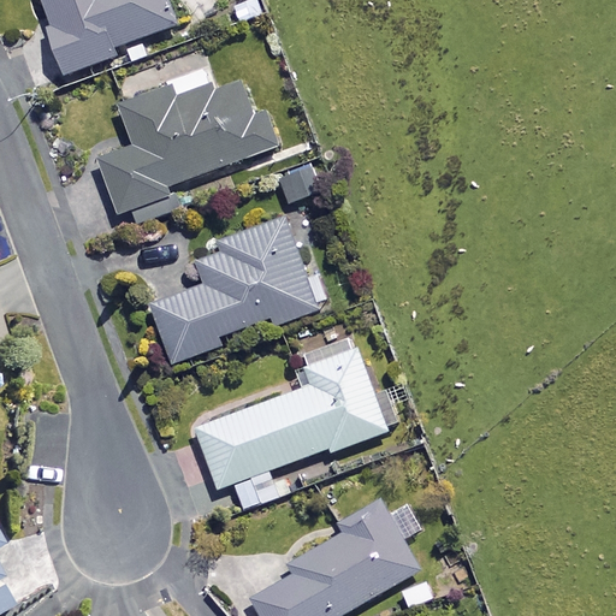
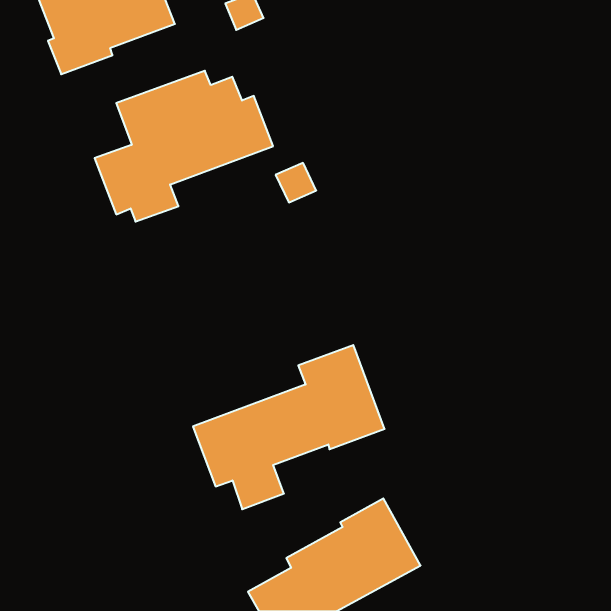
building: [153,217,316,361] -> none

